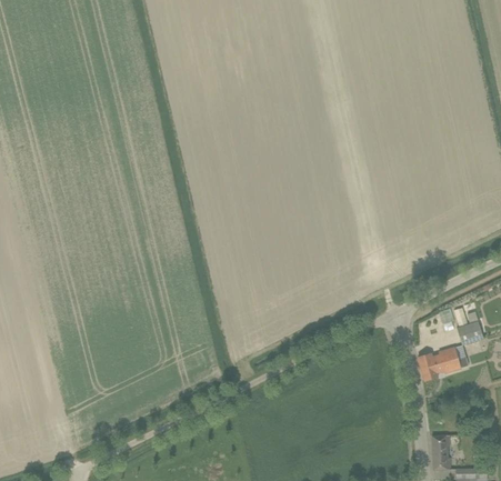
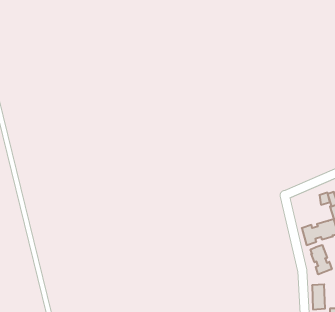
building: none -> [311,245,332,274]

